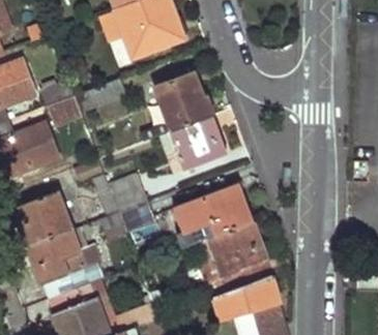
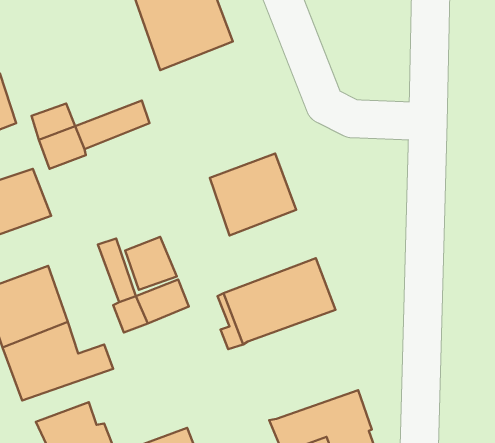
building: [142,73,213,140] -> none
building: [195,220,274,295] -> none

